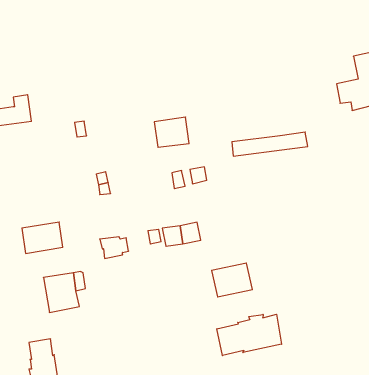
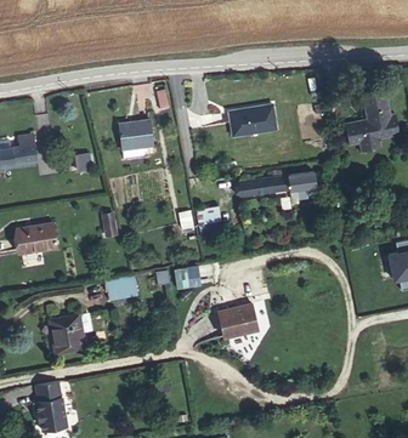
building: none -> [231,104,277,135]
building: [154,117,189,147] -> [118,119,153,149]
building: [22,222,63,253] -> [16,222,57,254]
building: [217,314,282,356] -> none

